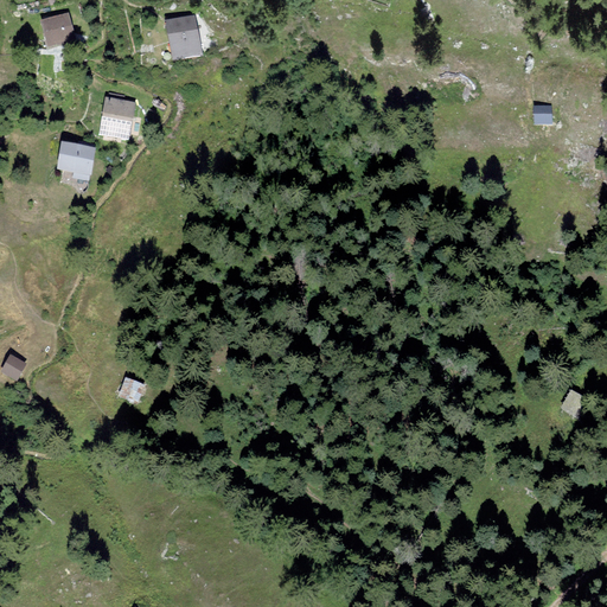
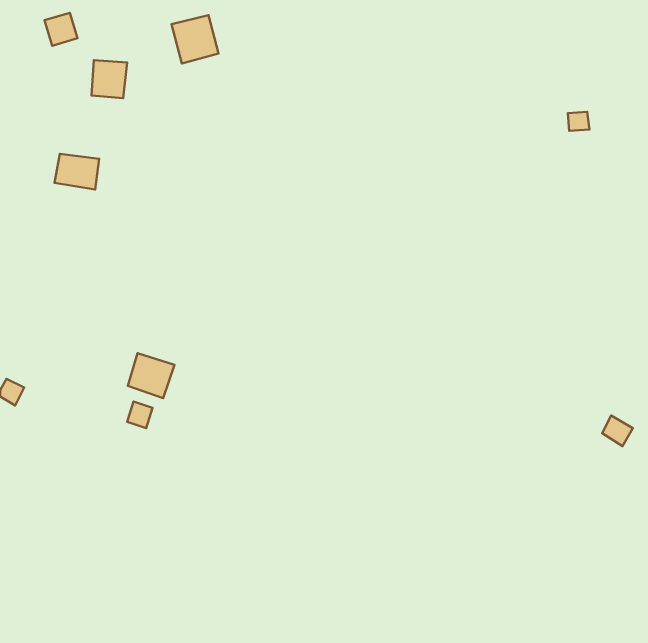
building: [102,98,135,134] -> [91,60,127,98]
building: none -> [128,353,174,398]

